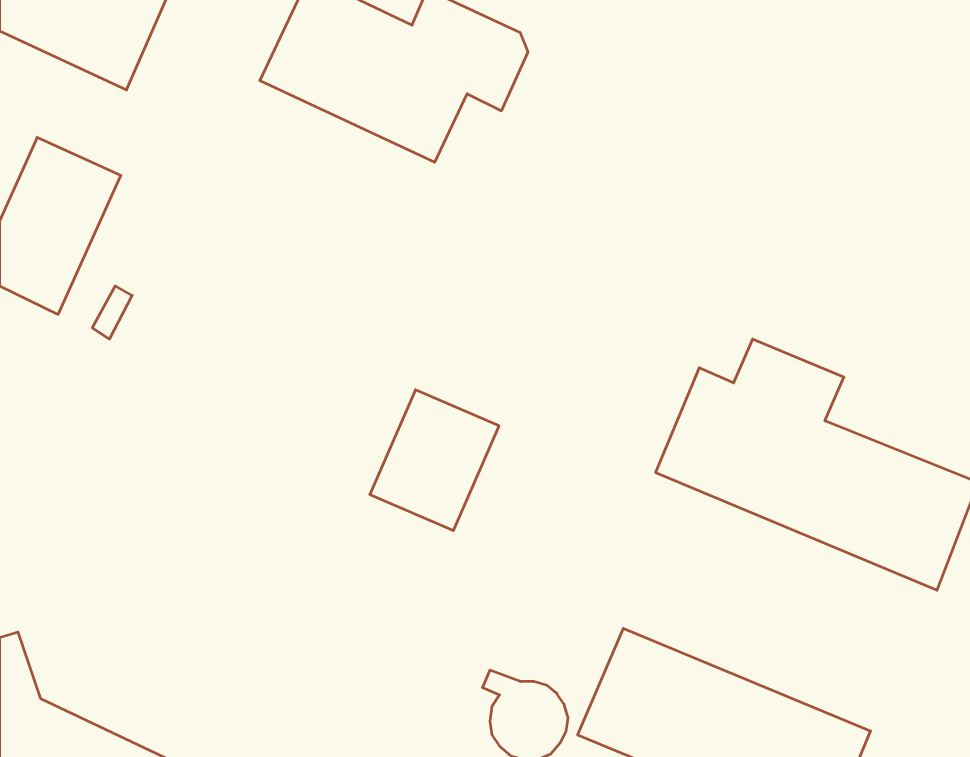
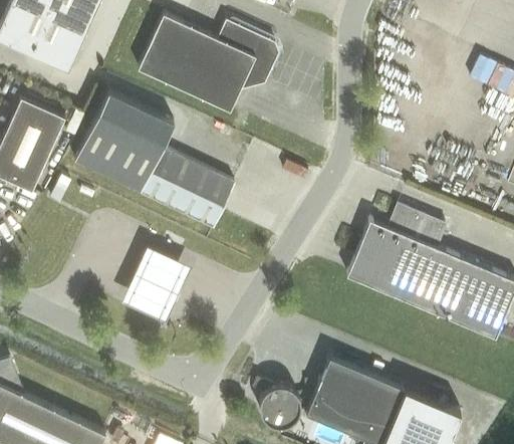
building: none -> [75,92,235,229]
building: [370,390,499,531] -> [118,250,187,324]

